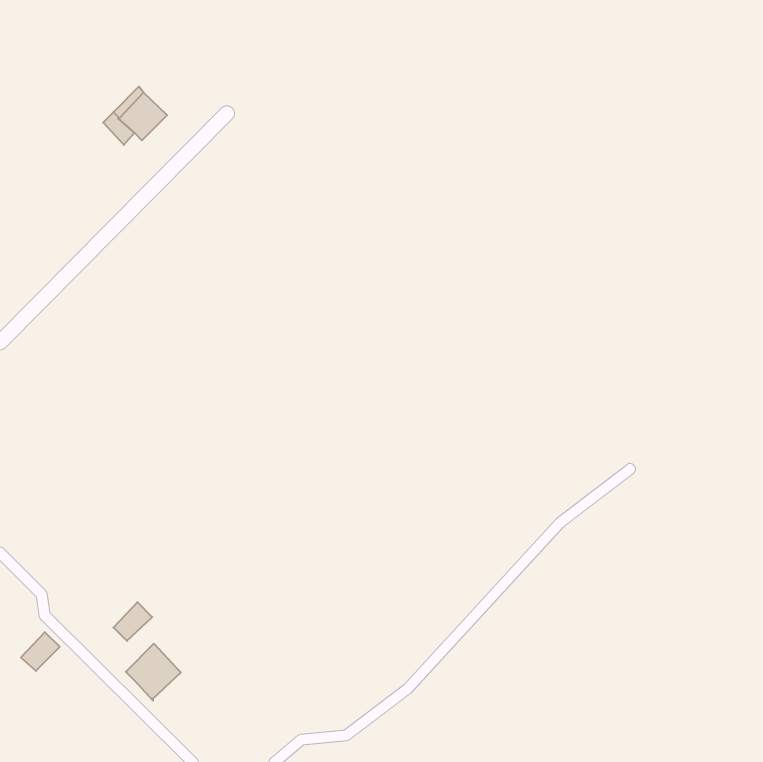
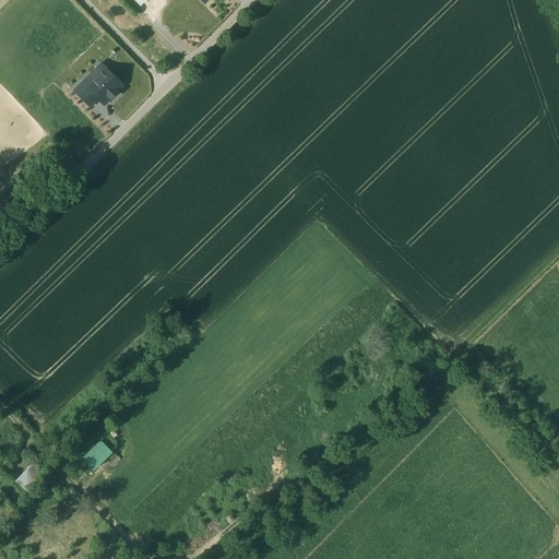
building: [126,644,181,701] -> none

